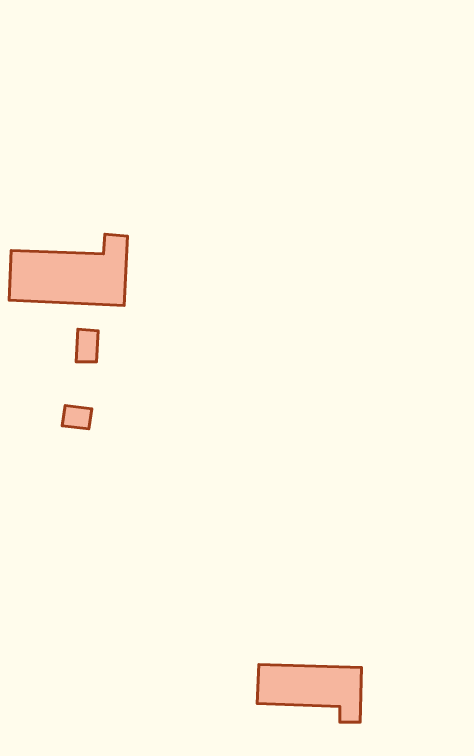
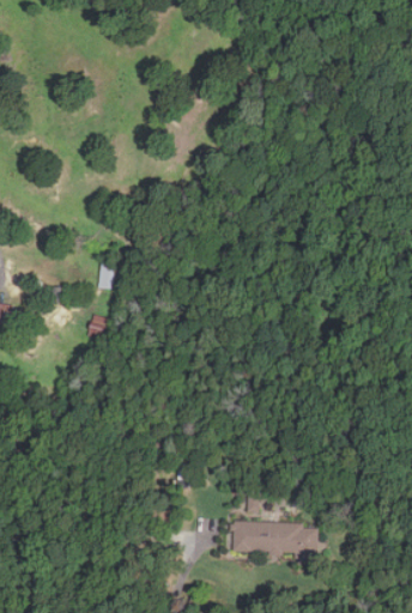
building: [9,234,127,305] -> none

